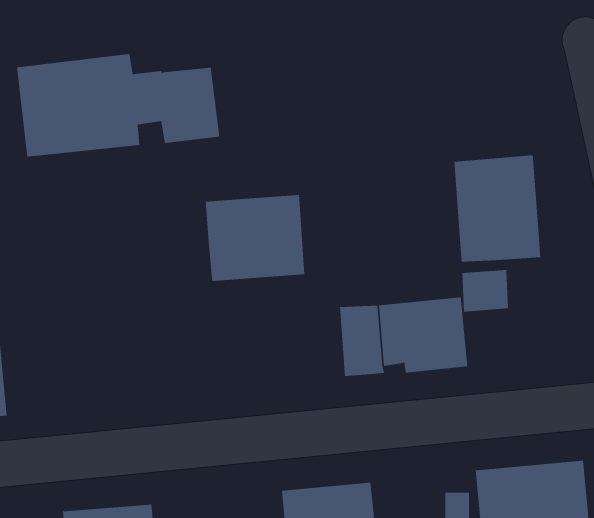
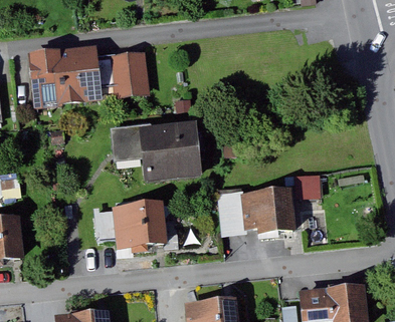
building: [454,155,541,263] -> none
building: none -> [113,125,153,159]
building: none -> [113,201,168,247]

